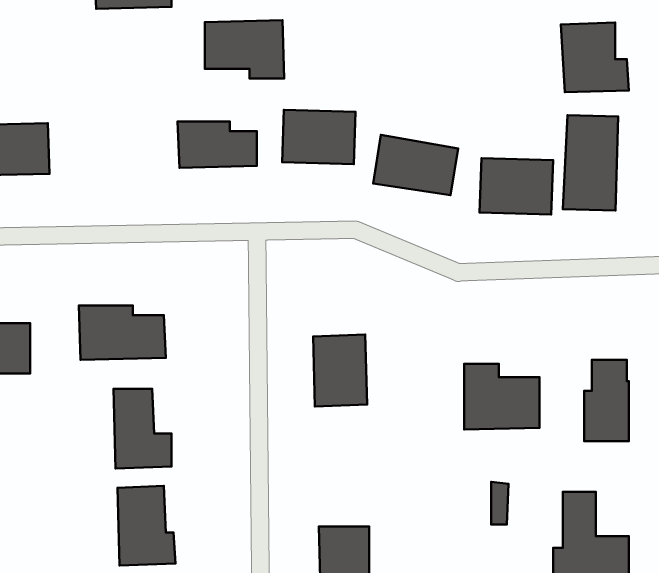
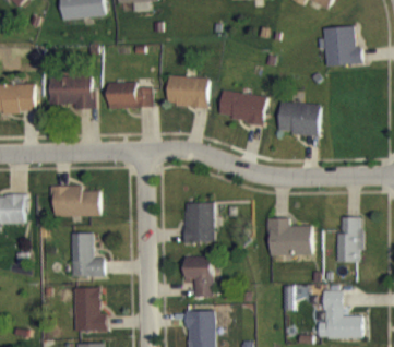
building: [205,20,284,78] -> [49,75,94,108]
building: [563,115,618,210] -> none
building: none -> [184,255,213,297]

